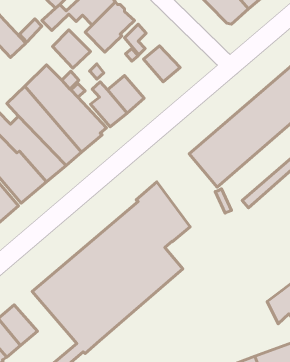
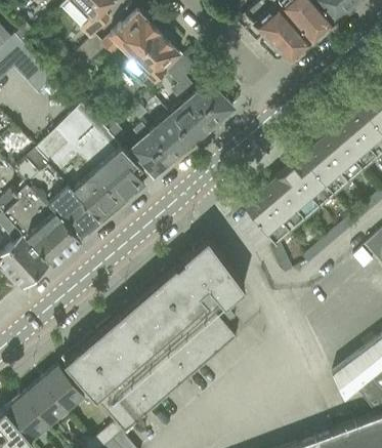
building: [52,30,90,68] -> none
building: none -> [169,100,213,145]
building: none -> [43,368,84,410]

